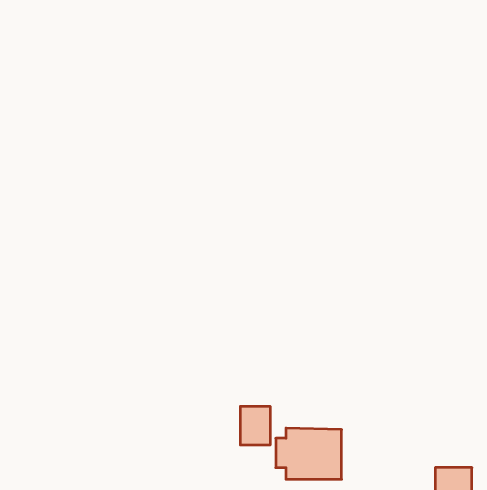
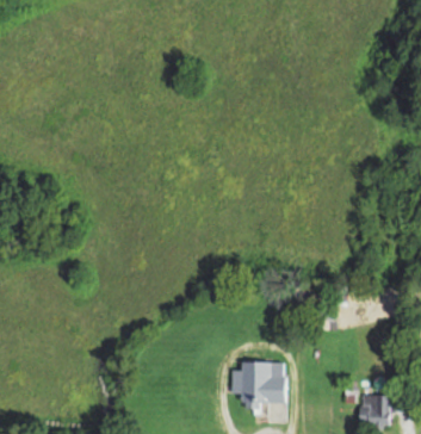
building: [240,406,270,445] -> none

